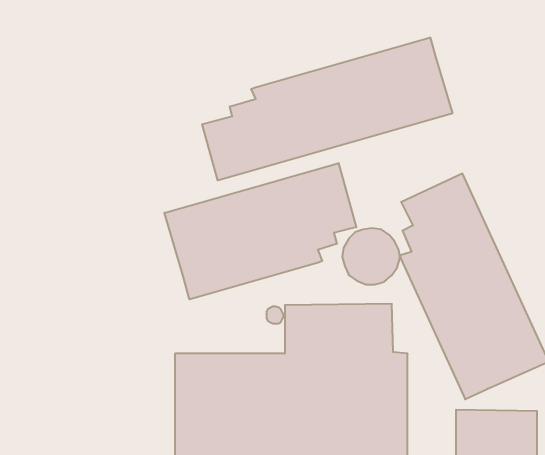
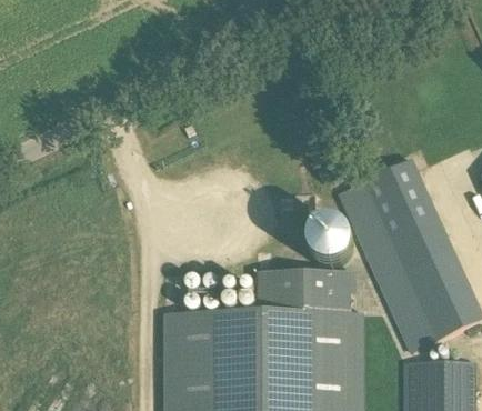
building: [202,37,452,180] -> none
building: [164,163,356,299] -> none

